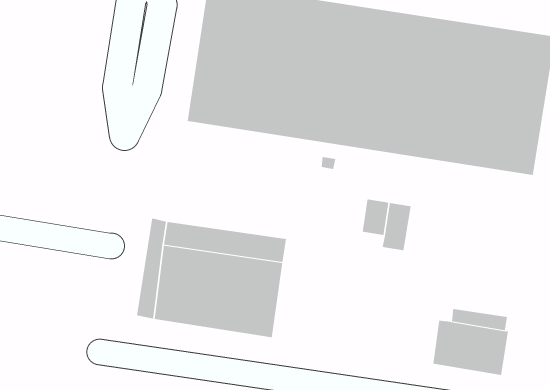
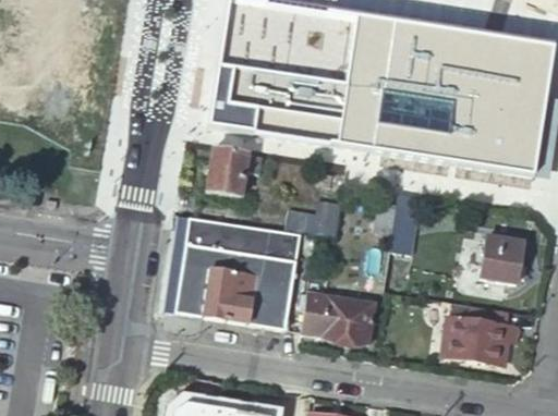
building: none -> [210,150,267,197]
building: none -> [291,200,342,238]
building: none -> [481,231,524,278]
building: none -> [302,289,376,339]

